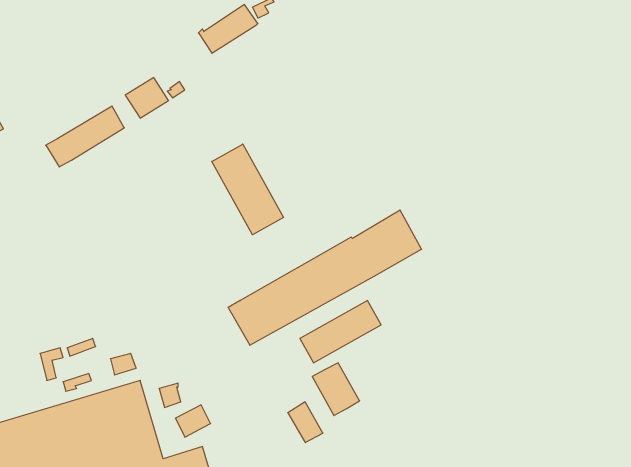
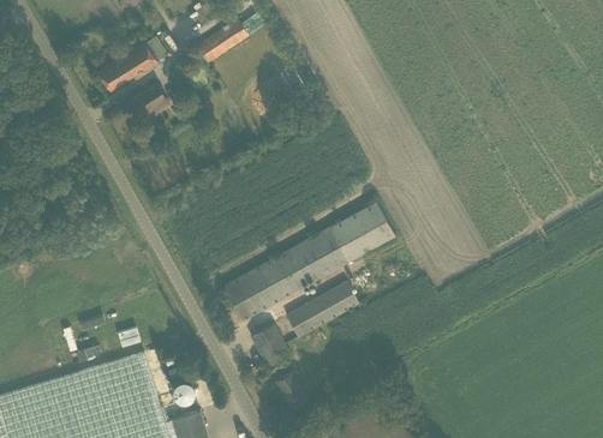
building: [46,106,124,167] -> [96,37,166,91]
building: [212,144,283,235] -> none
building: [312,363,360,416] -> [249,324,291,371]

